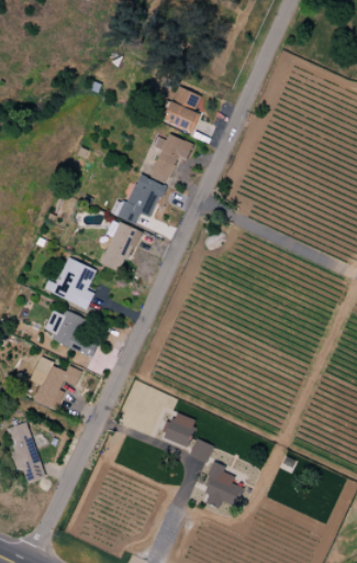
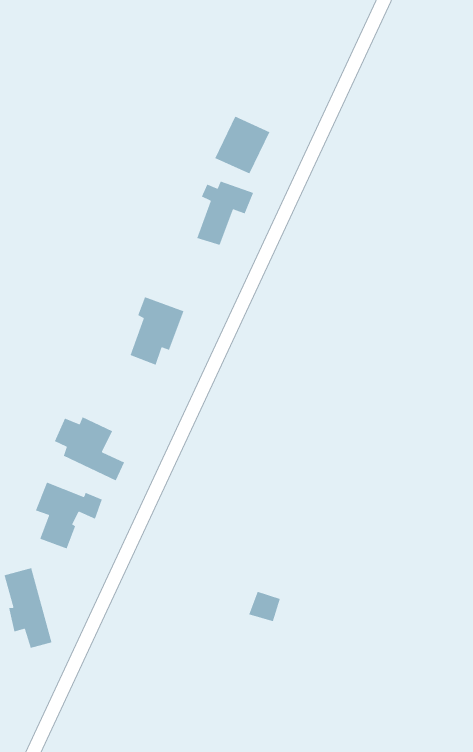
building: [111,174,165,223] -> none
building: [44,257,96,308] -> none
building: [165,412,194,445] -> none
building: [202,462,237,507] -> none

